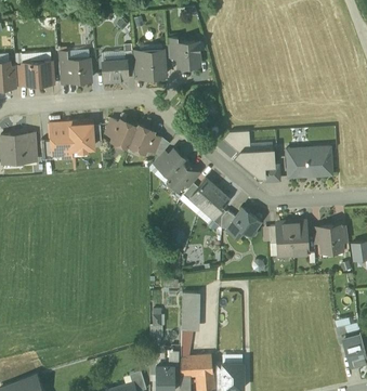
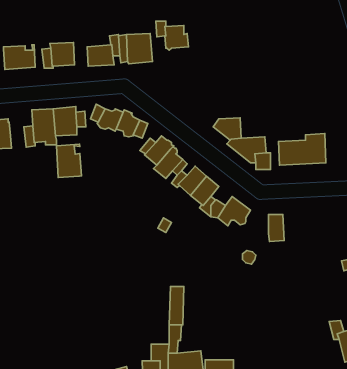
building: none -> [56,144,81,178]
building: [290,220,307,255] -> none
building: [319,225,341,251] -> none

